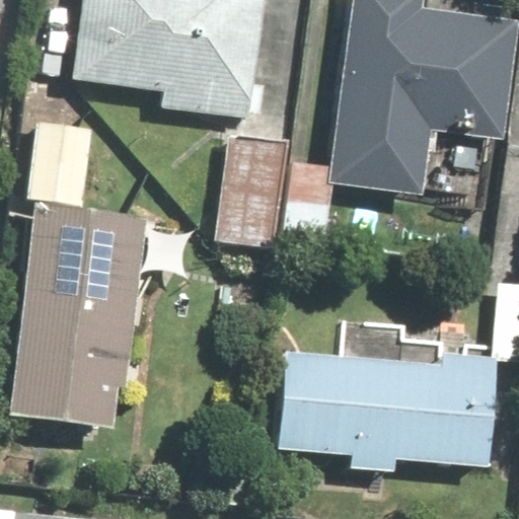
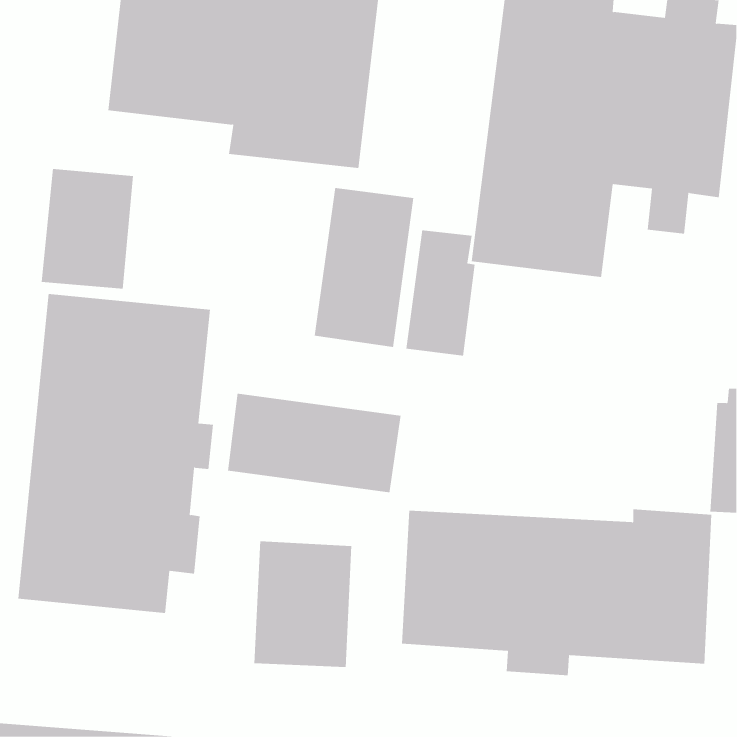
building: none -> [227,393,401,493]
building: none -> [254,540,352,668]

